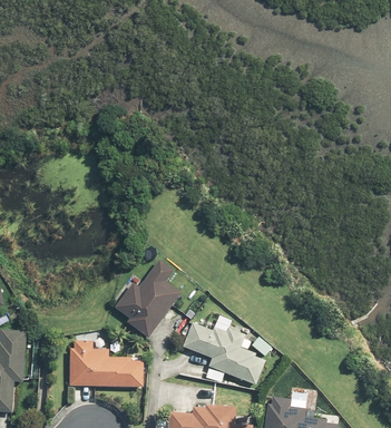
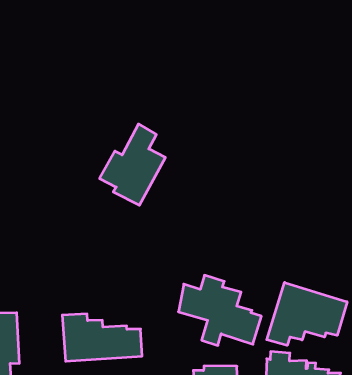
building: [113,257,179,338] -> [100,124,165,205]
building: none -> [267,282,347,345]

